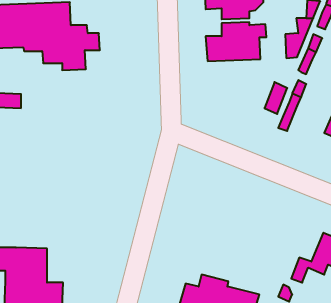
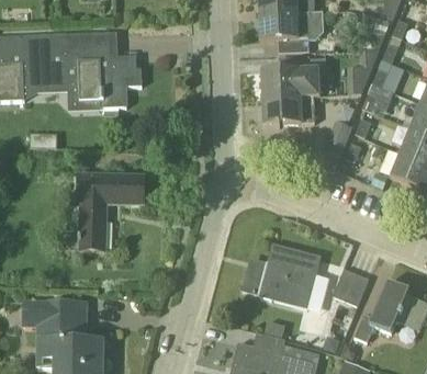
building: none -> [262,94,321,123]
building: none -> [79,173,146,250]
building: none -> [241,242,319,308]
building: none -> [333,267,370,305]

